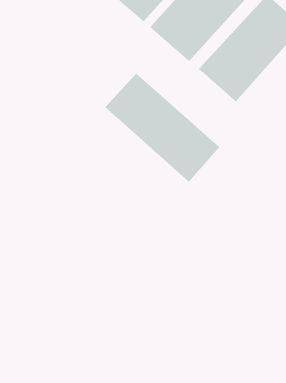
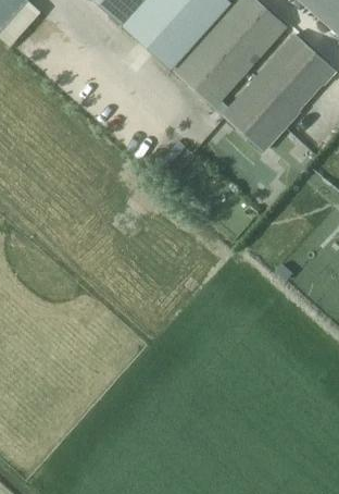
building: [104,73,220,183] -> none

